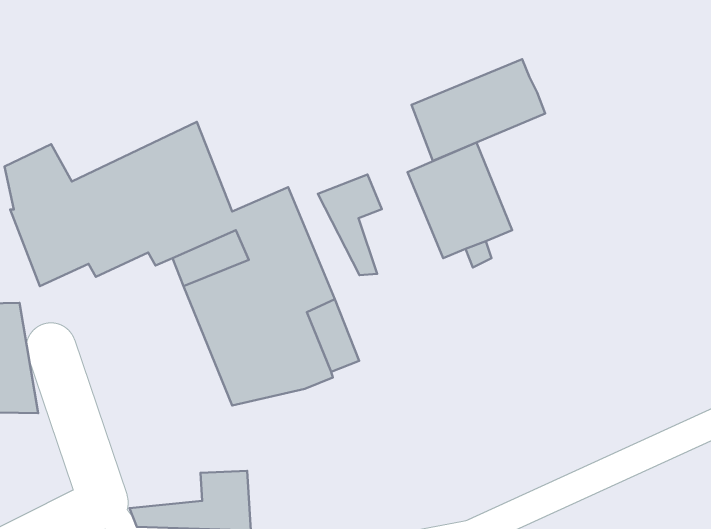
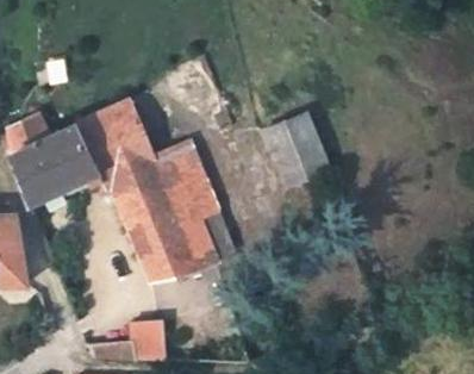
building: [411,59,545,161] -> none
building: [318,174,382,275] -> none

